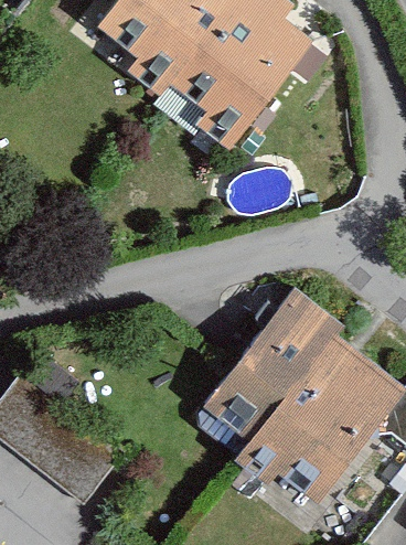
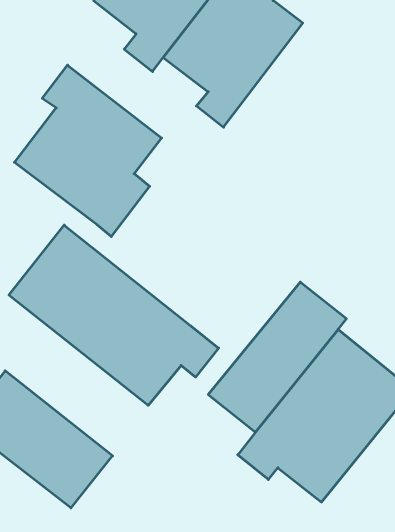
building: none -> [14,65,162,237]
building: none -> [9,225,219,405]

